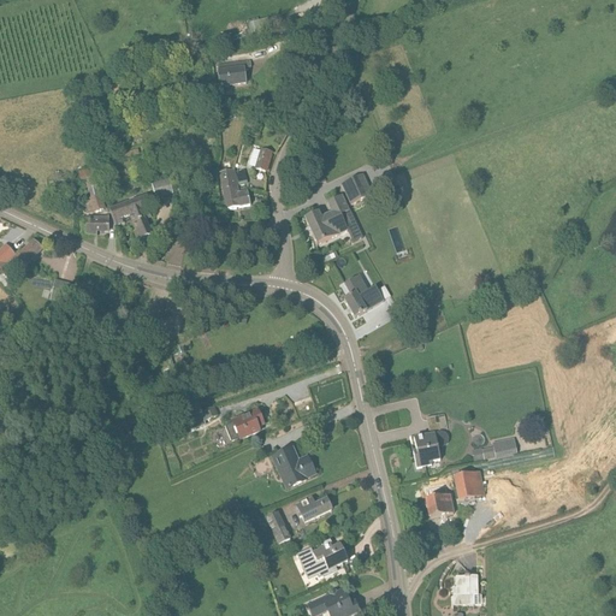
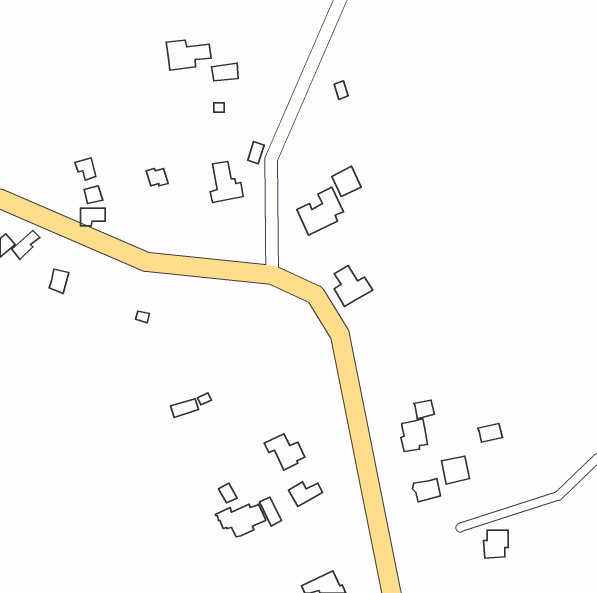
building: none -> [166,40,211,70]
building: [109,192,152,237] -> none
building: [225,408,263,439] -> none
building: [296,541,348,575] -> [215,504,265,537]
building: [452,574,478,603] -> [484,530,508,558]

